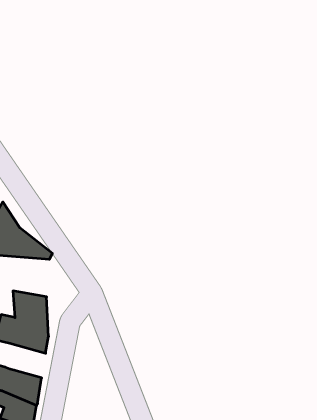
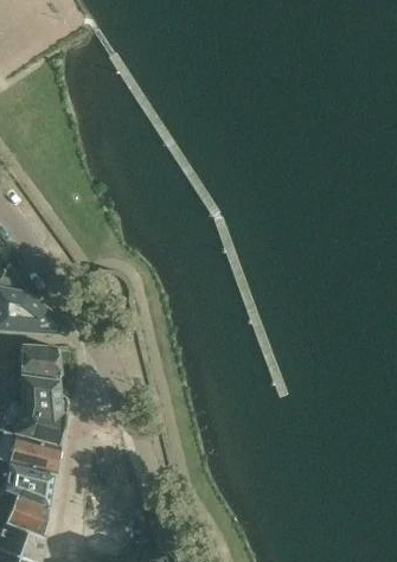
building: none -> [19,346,60,379]
building: none -> [11,435,59,477]

